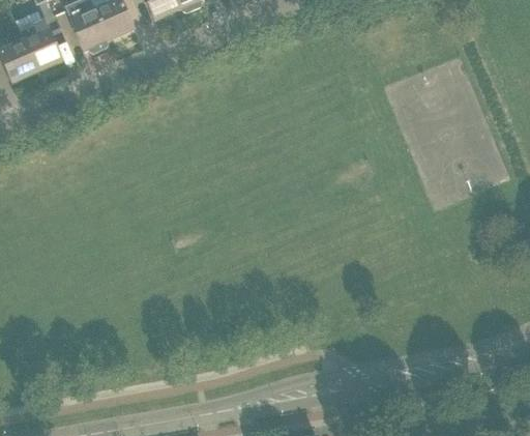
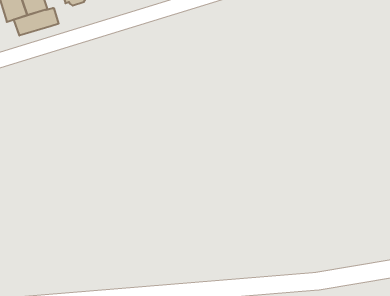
building: none -> [14,8,59,36]

